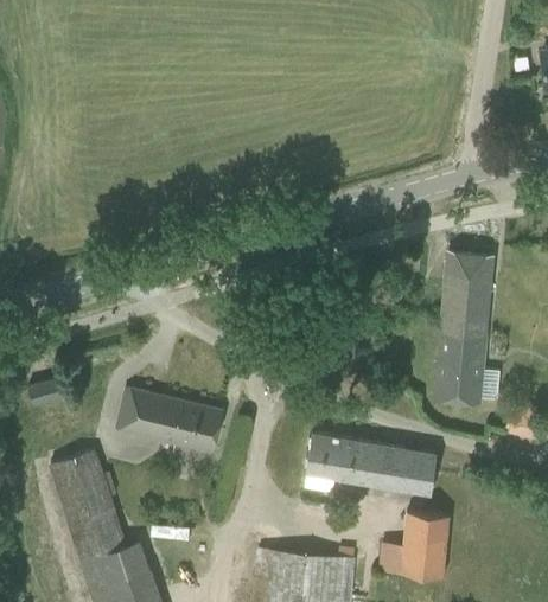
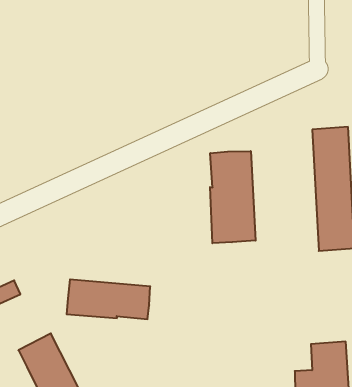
building: none -> [210,151,256,243]
building: [305,434,437,495] -> none

